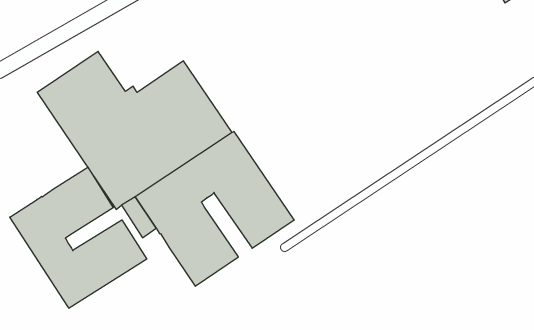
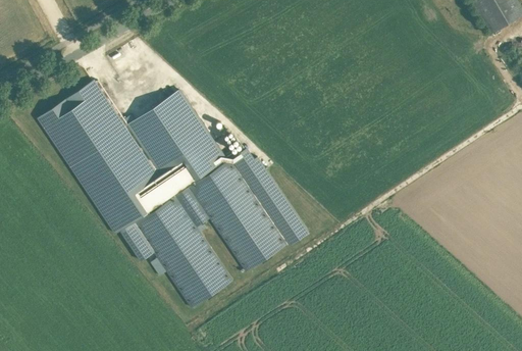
building: none -> [229,147,308,244]
building: [10,167,147,308] -> none

